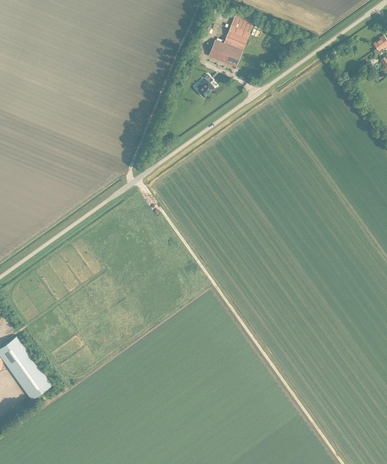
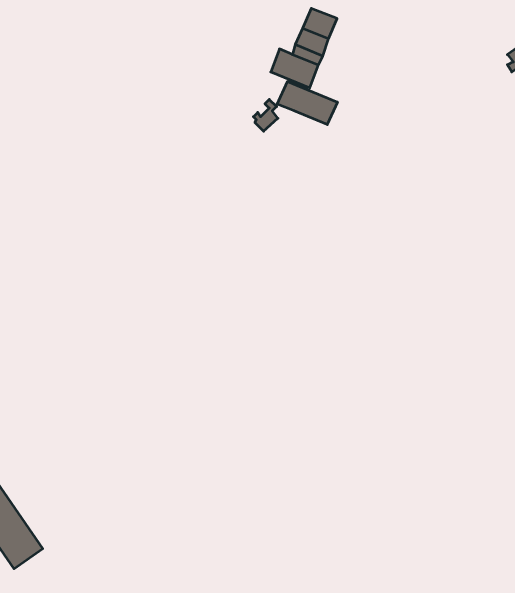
building: none -> [277,82,337,125]

